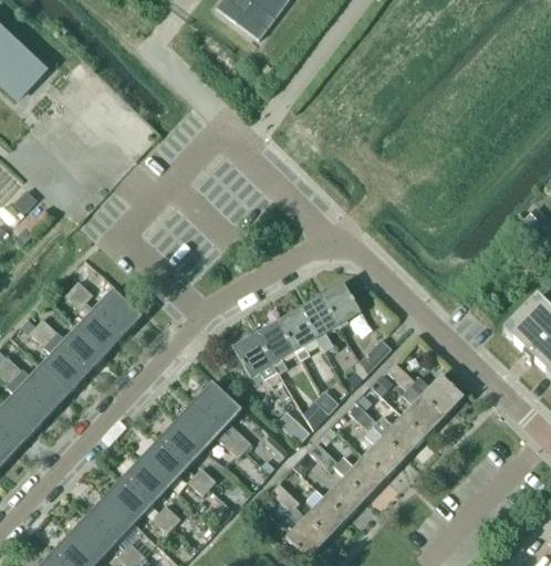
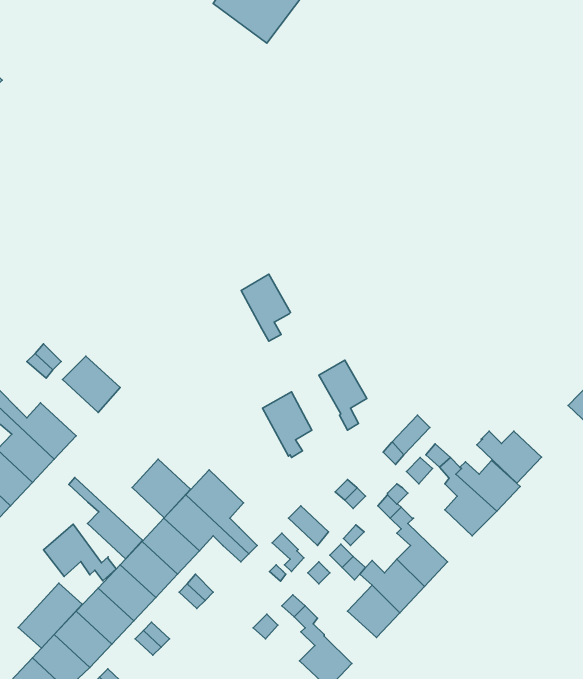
building: [321,282,360,325] -> none
building: [278,306,318,360] -> [241,274,291,341]
building: [75,310,122,355] -> none
building: [231,333,276,385] -> none
building: none -> [132,459,190,518]
building: none -> [69,478,143,559]
building: [372,415,424,457] -> [477,431,541,483]
building: none -> [44,524,116,581]
building: none -> [18,583,82,648]
building: [304,488,346,538] -> none

